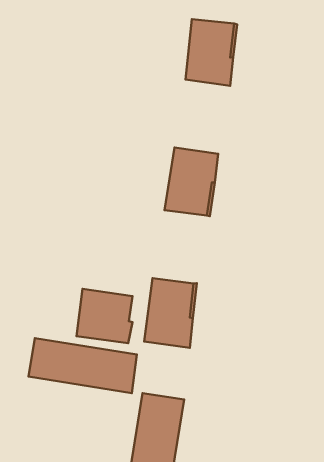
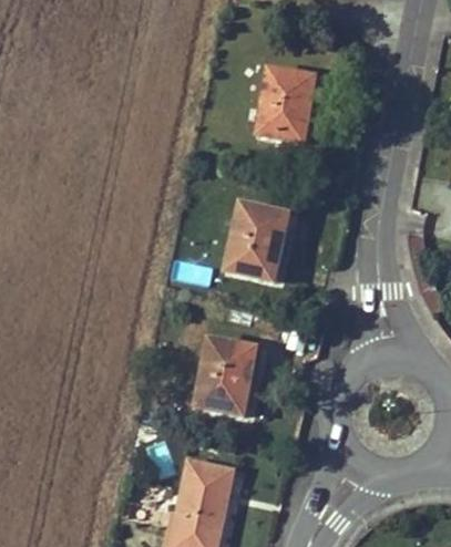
building: [77,289,133,343] -> none
building: [29,338,137,393] -> none

